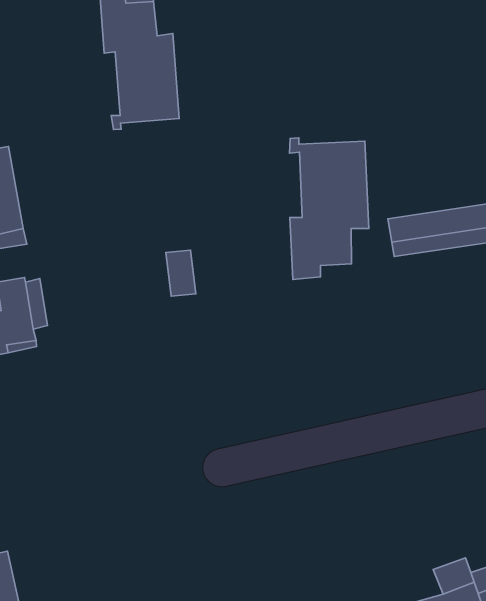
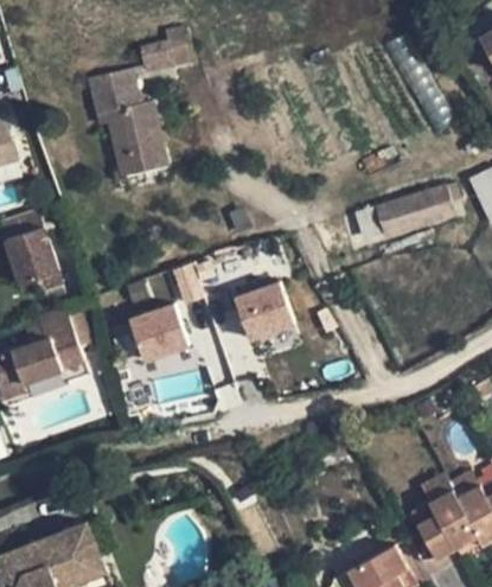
building: [289,138,369,279] -> none
building: none -> [249,291,305,343]
building: none -> [140,310,197,363]

